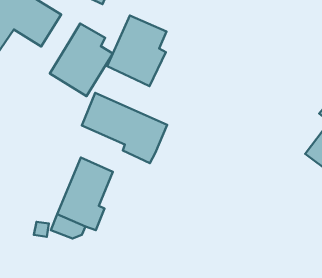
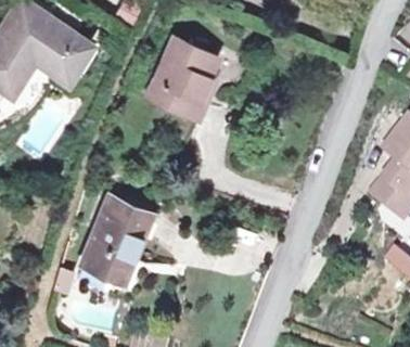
building: [50,24,113,96] -> none
building: [82,93,167,163] -> none

